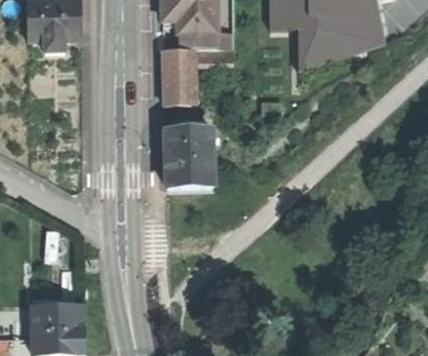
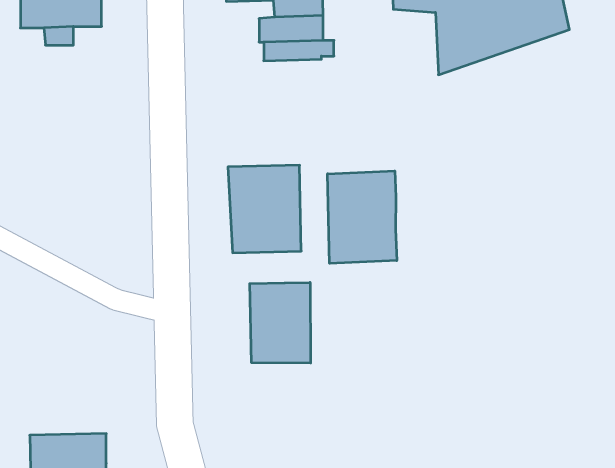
building: [163,49,187,105] -> none
building: none -> [328,171,397,263]
building: none -> [250,282,311,363]

